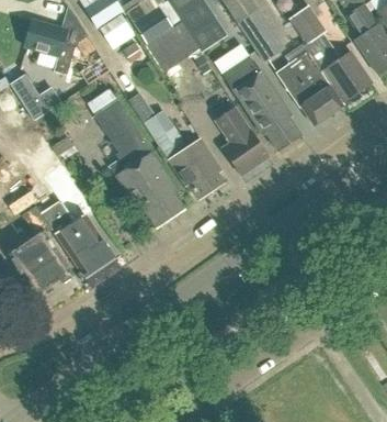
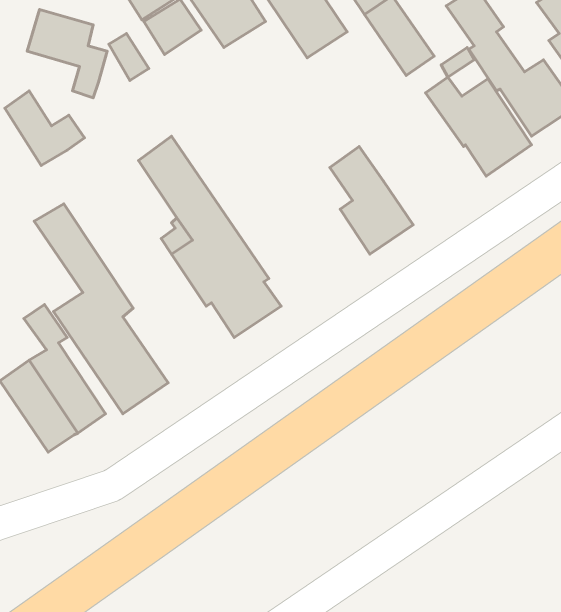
building: [148,23,198,71] -> none
building: [221,55,301,151] -> none
building: [130,93,225,199] -> none

